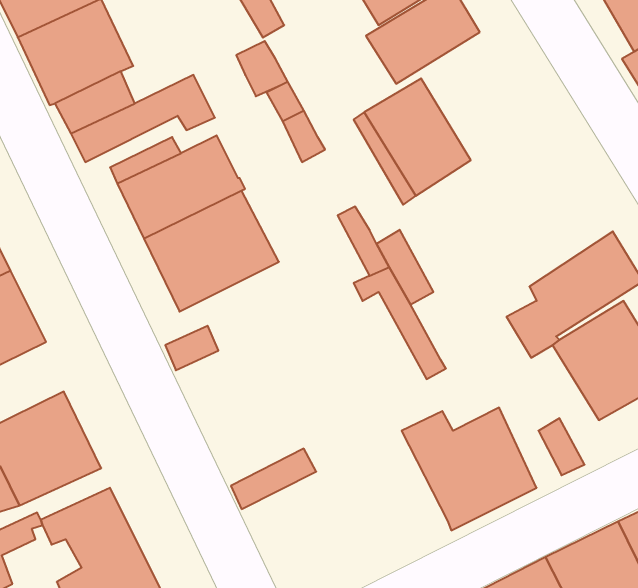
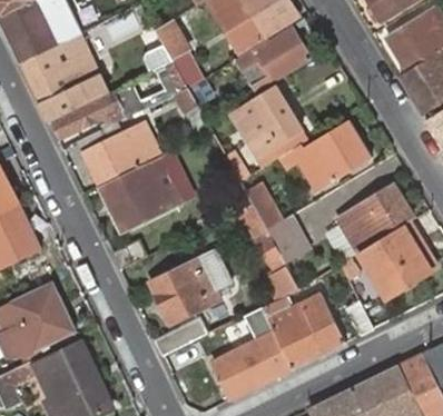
building: none -> [277,120,370,190]
building: none -> [266,215,308,263]
building: none -> [150,250,229,323]
building: none -> [213,307,289,399]

